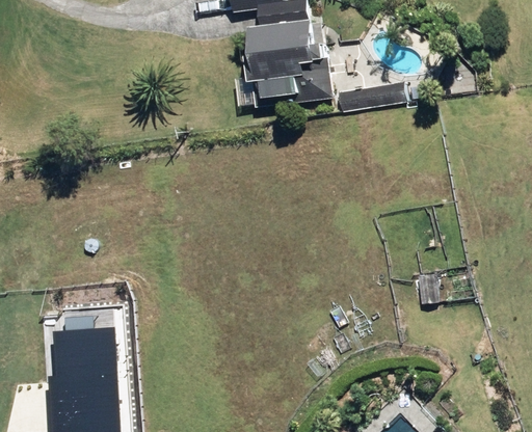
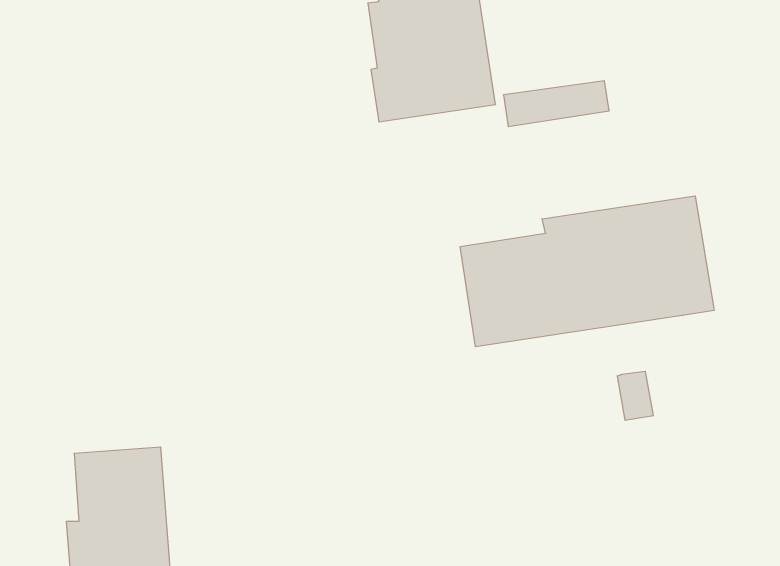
building: none -> [460,196,714,347]

